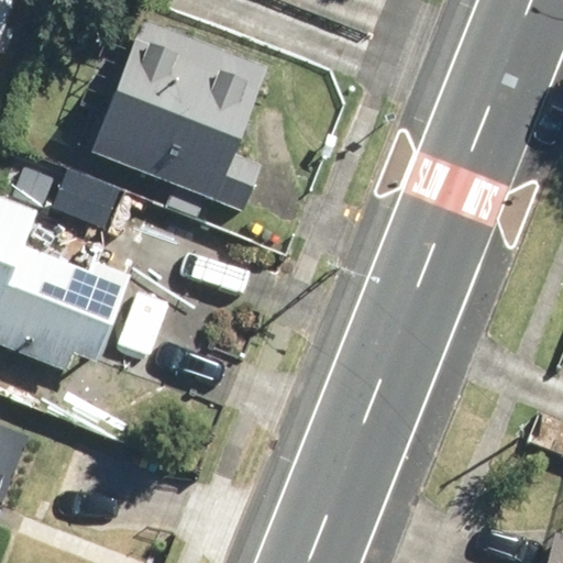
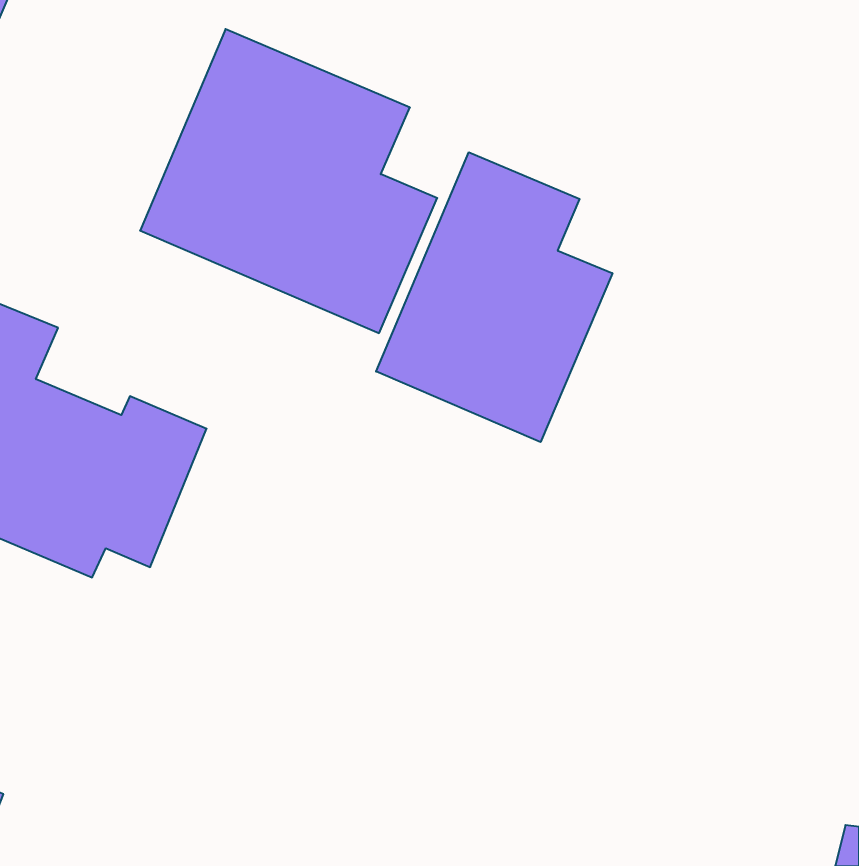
building: none -> [376,152,612,442]

